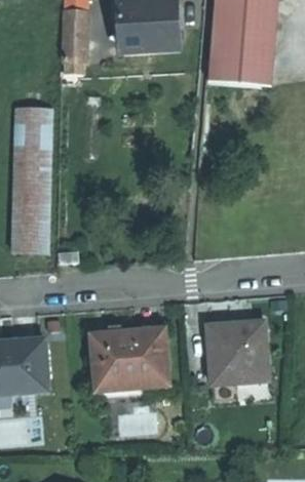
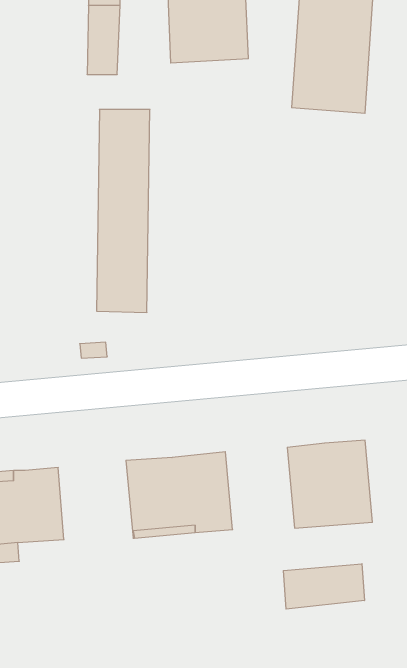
building: [12,106,50,250] -> [97,109,150,312]
building: none -> [283,564,364,609]

